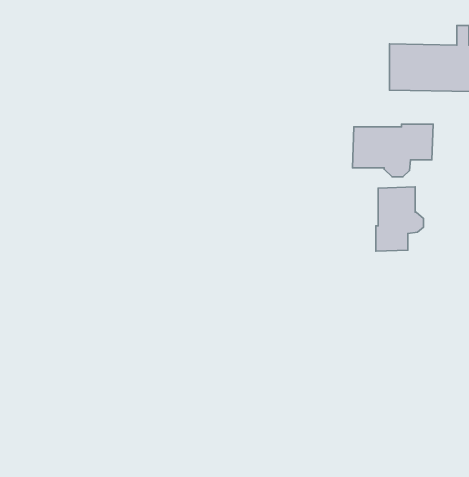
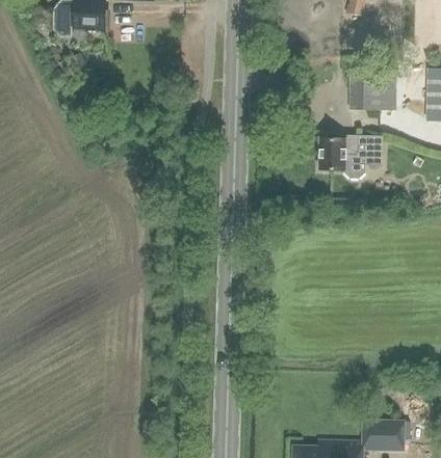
building: [376,187,423,251] -> none

